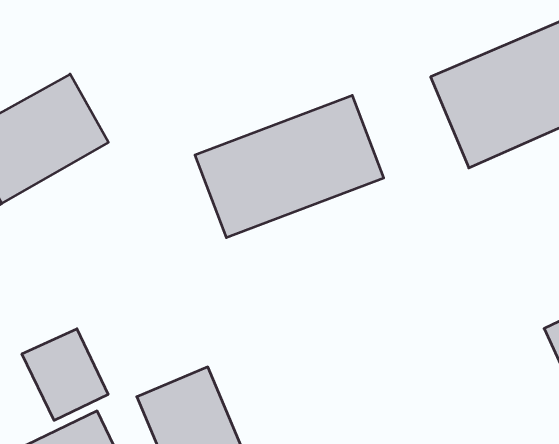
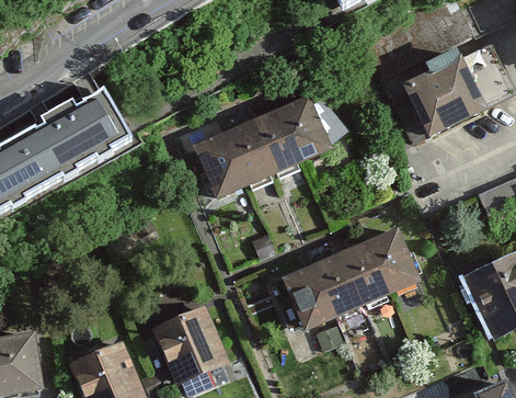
building: none -> [286,231,428,338]
building: [22,329,108,420] -> none

